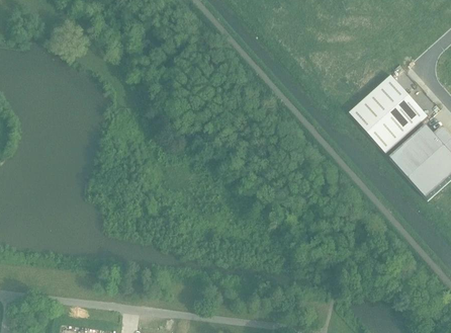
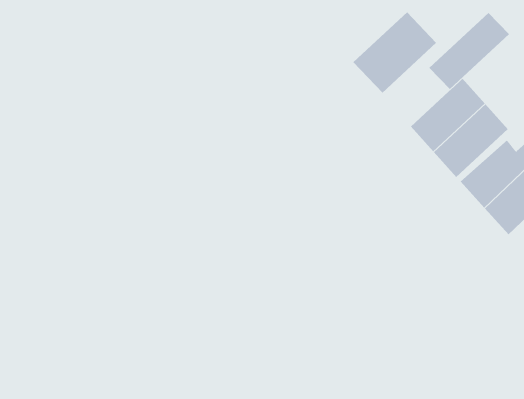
building: none -> [353,12,437,93]
building: none -> [429,12,510,90]

